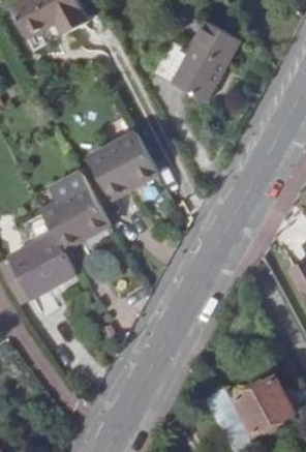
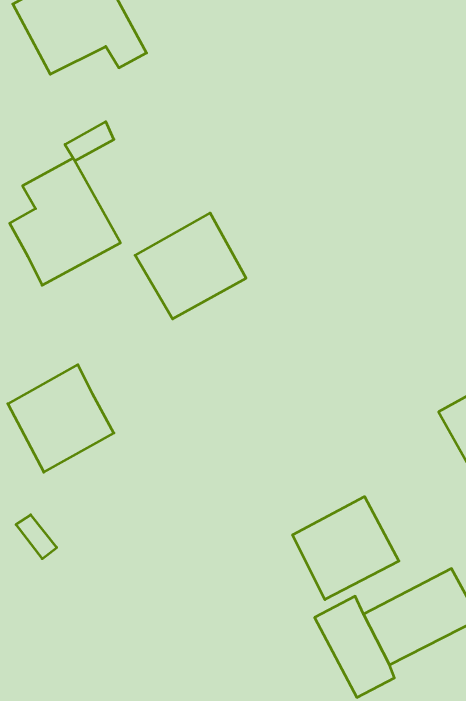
building: [158,23,243,101] -> none
building: [42,173,113,253] -> [10,158,120,285]
building: none -> [293,497,399,600]

